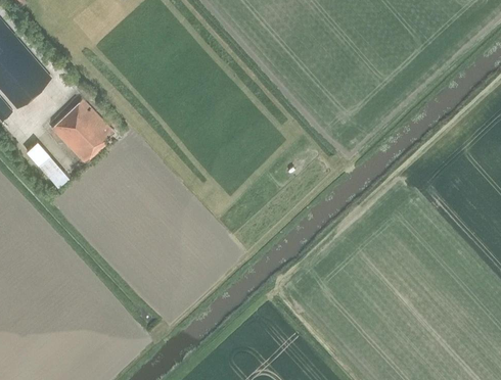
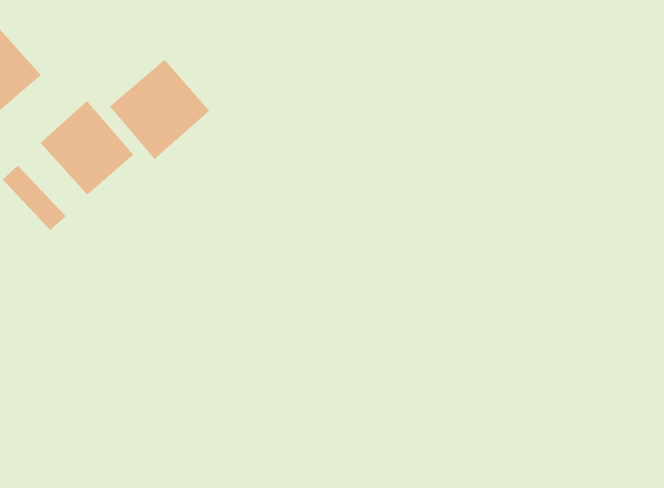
building: none -> [109,59,210,160]

